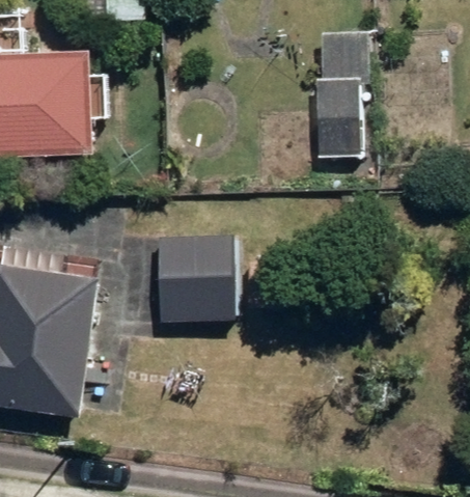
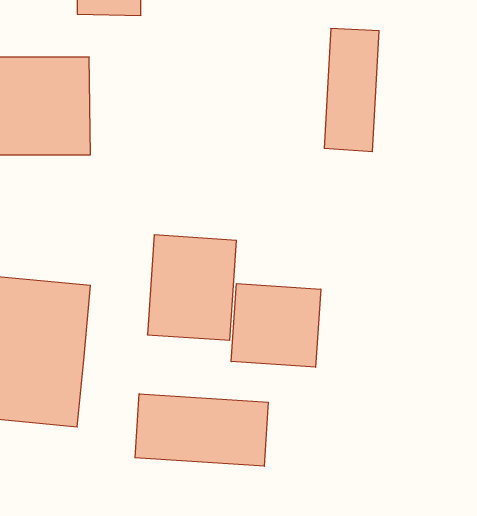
building: none -> [231,284,321,367]
building: none -> [135,394,268,466]

